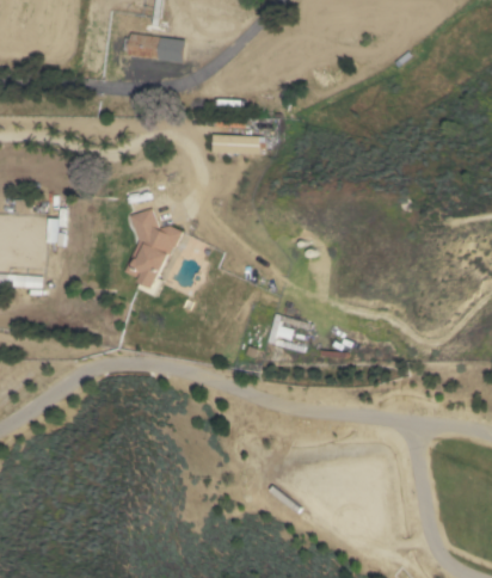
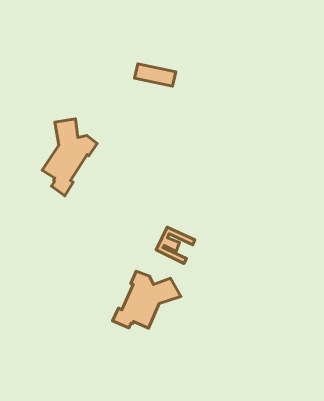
building: none -> [112,271,181,328]

